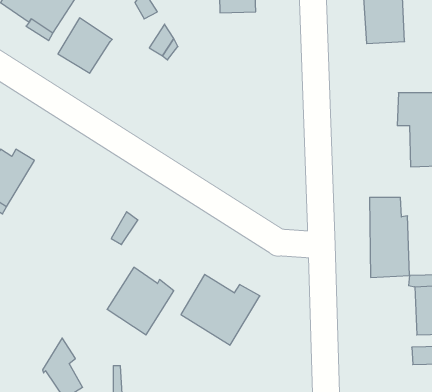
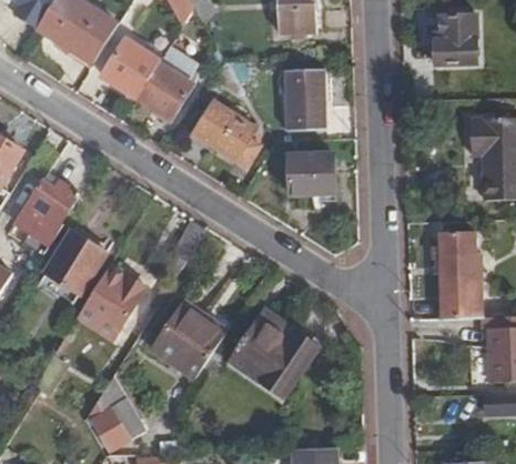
building: none -> [136,64,192,120]
building: none -> [284,71,325,129]
building: none -> [193,103,254,161]
building: none -> [287,154,332,194]
building: none -> [45,231,104,295]
building: none -> [80,266,145,336]

